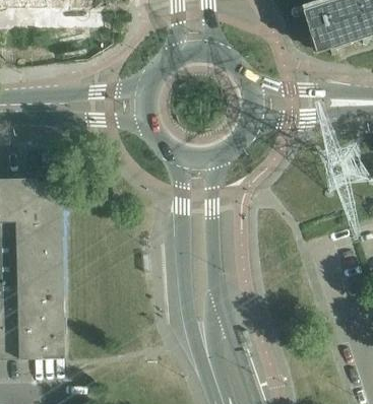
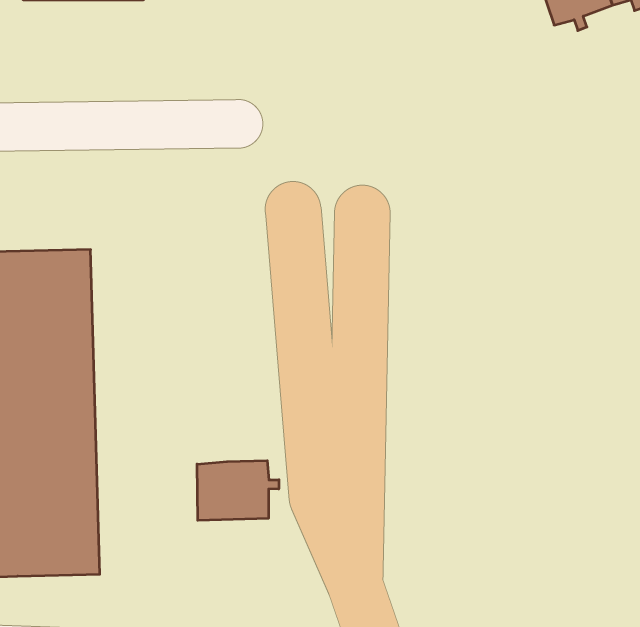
building: none -> [197,461,279,520]

